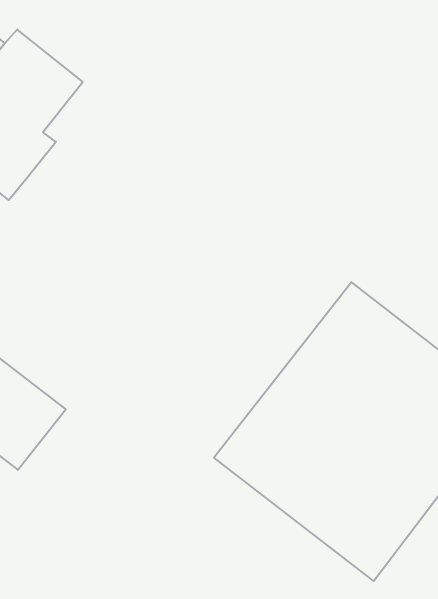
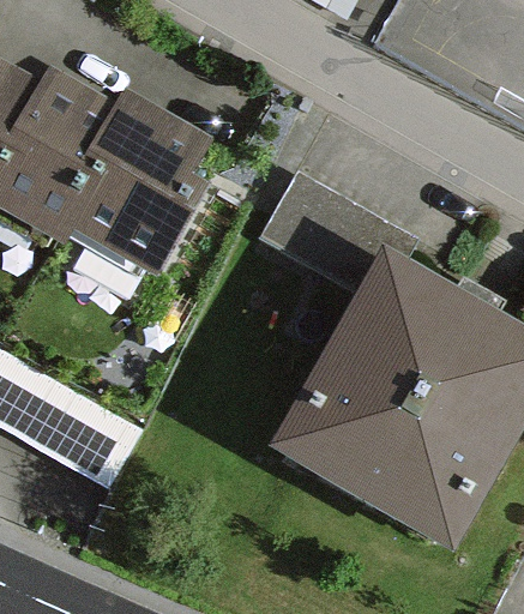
building: none -> [77,106,198,265]
building: none -> [269,177,394,289]

